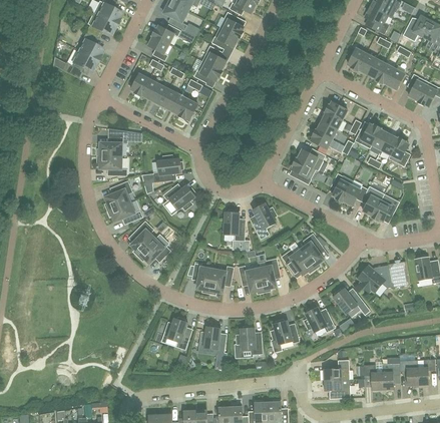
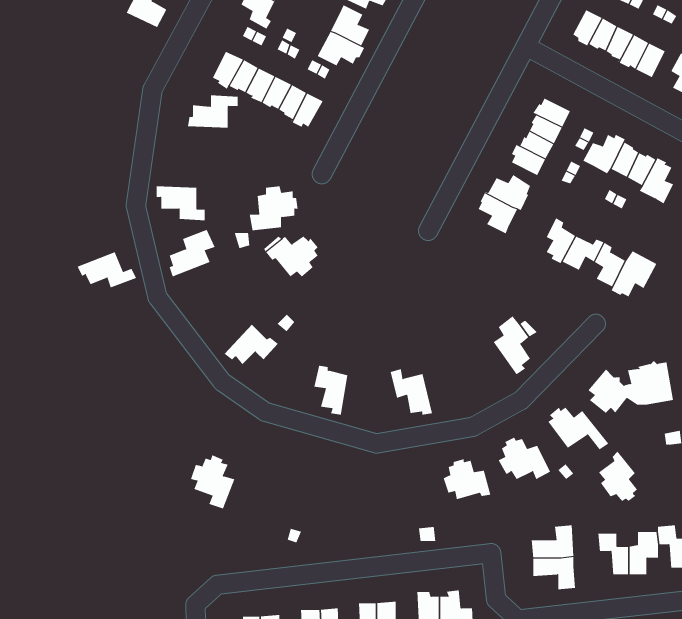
building: [61,50,97,77] -> none
building: [96,135,127,155] -> [187,95,239,128]
building: [106,200,142,223] -> [77,252,137,288]
building: [251,202,276,239] -> none
building: [224,209,245,241] -> none
building: [130,221,154,256] -> none
building: [281,249,314,277] -> none
building: [258,258,280,292] -> none
building: [208,266,234,294] -> none
building: none -> [598,451,638,502]
building: [164,316,191,349] -> [190,454,235,509]
building: [199,324,226,352] -> none
building: [236,325,262,354] -> none

